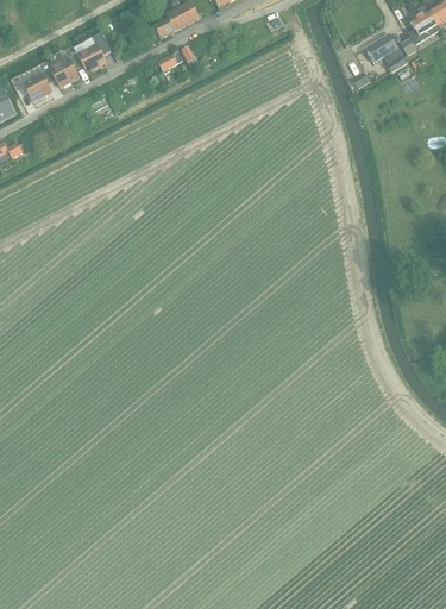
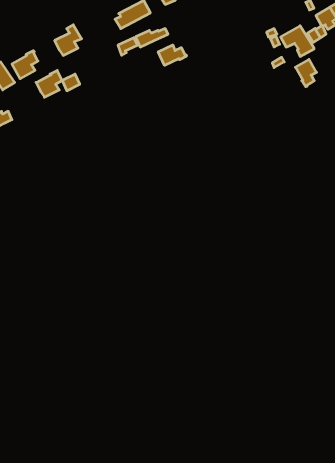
building: [49,51,82,86] -> [36,70,62,97]
building: none -> [158,45,186,65]
building: none -> [295,59,317,87]

